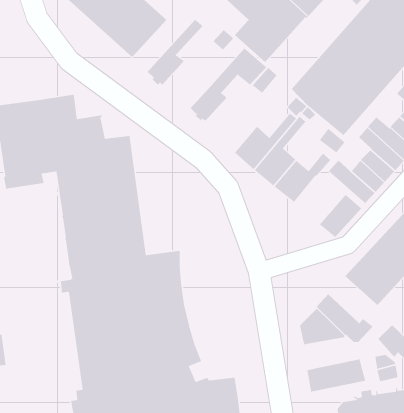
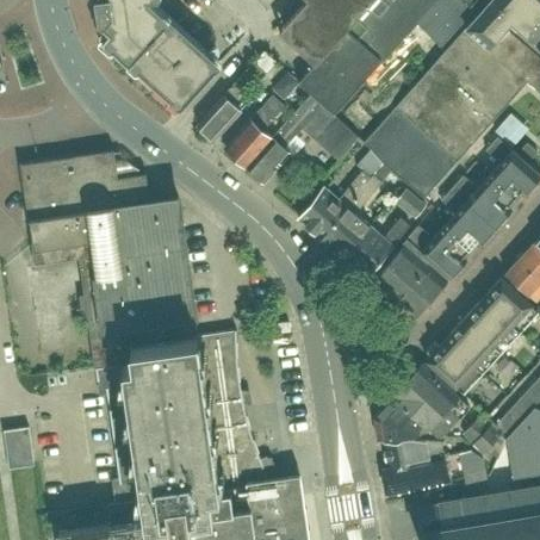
building: none -> [225,97,284,167]
building: none -> [373,247,427,302]
building: none -> [406,365,470,420]
building: none -> [381,440,443,468]

